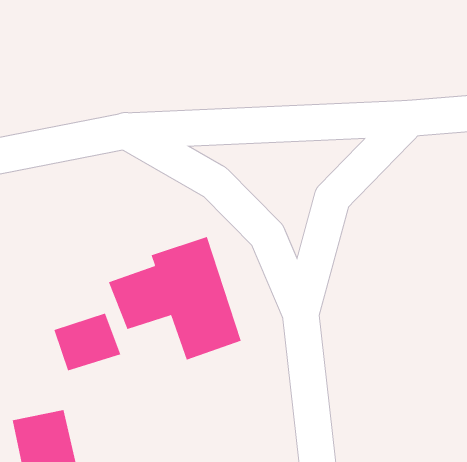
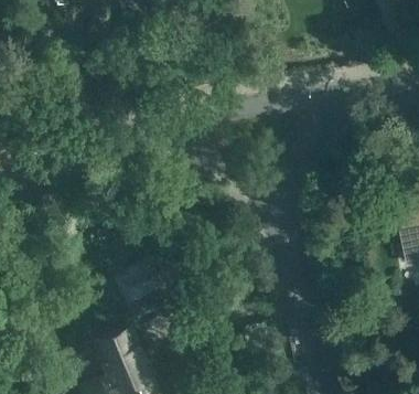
building: [108,236,241,361] -> none

